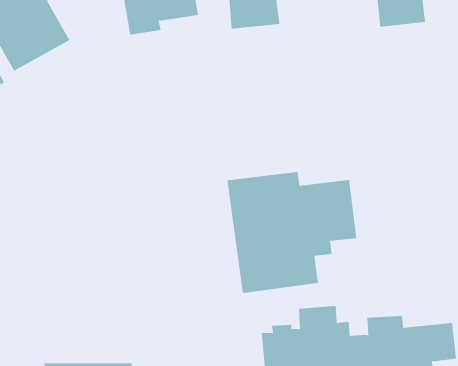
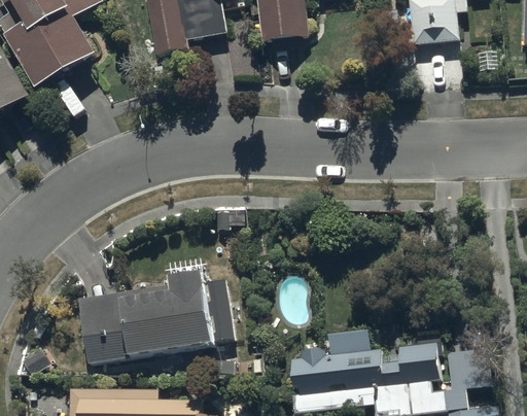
building: [227,171,357,294] -> none
building: none -> [75,276,234,366]

